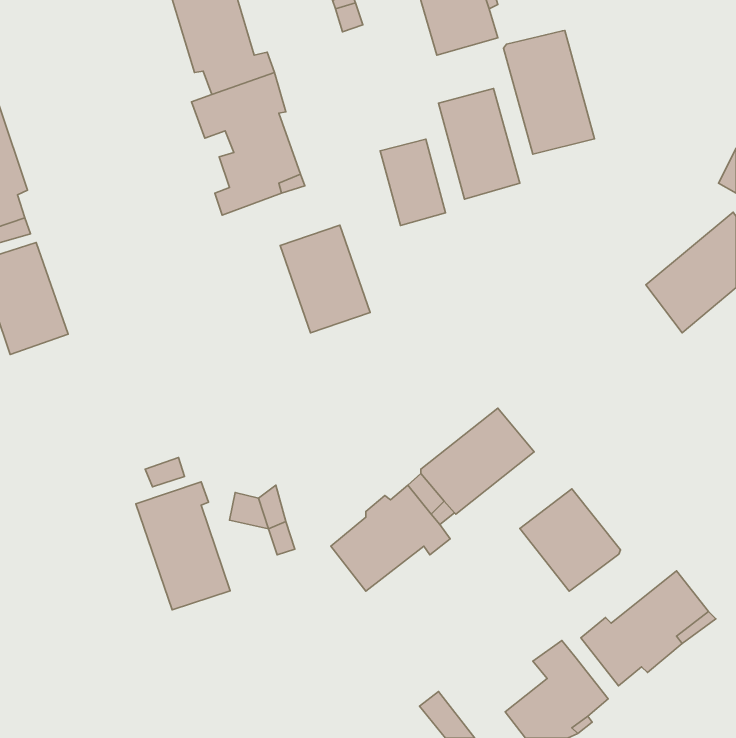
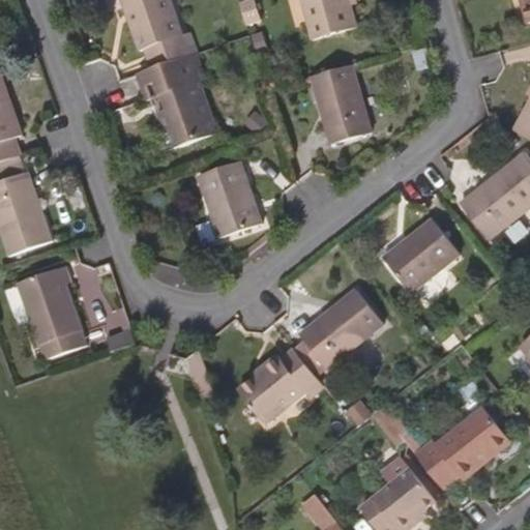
building: [504,31,594,154] -> none
building: [380,139,445,225] -> none
building: none -> [383,218,458,292]
building: [136,482,230,610] -> [17,268,84,359]
building: [520,489,621,591] -> none

